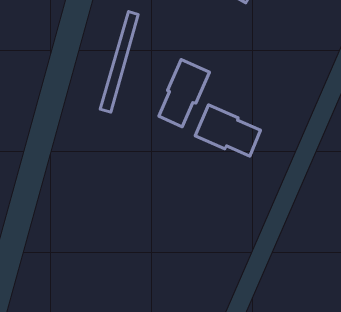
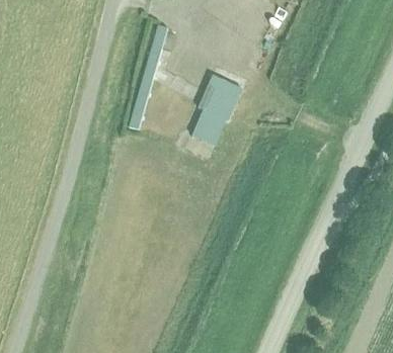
building: [195,105,261,156] -> none

